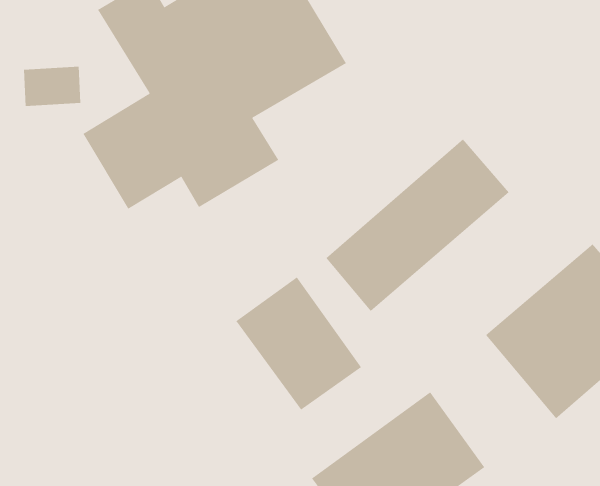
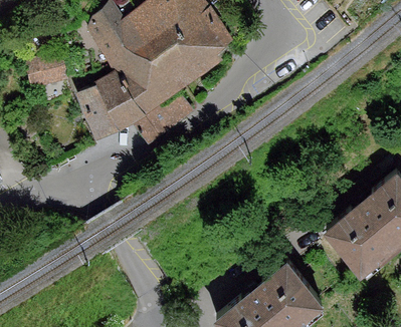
building: [326,139,510,312] -> none
building: [236,276,362,411] -> none

